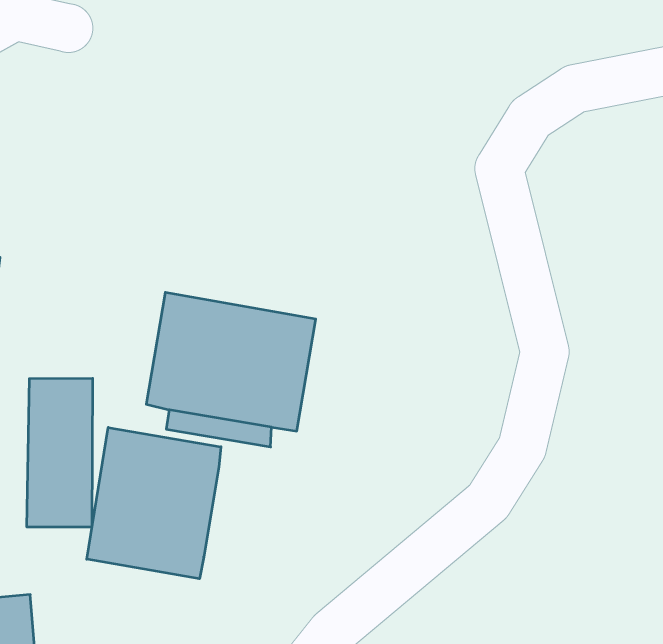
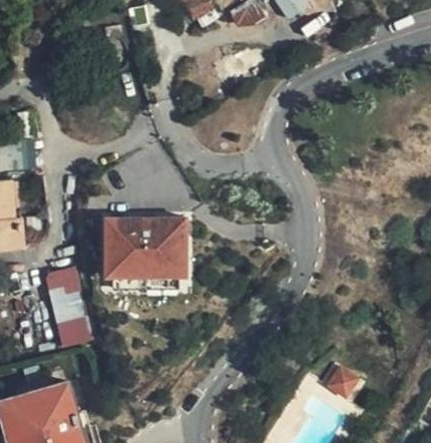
building: [87,427,221,579] -> none

